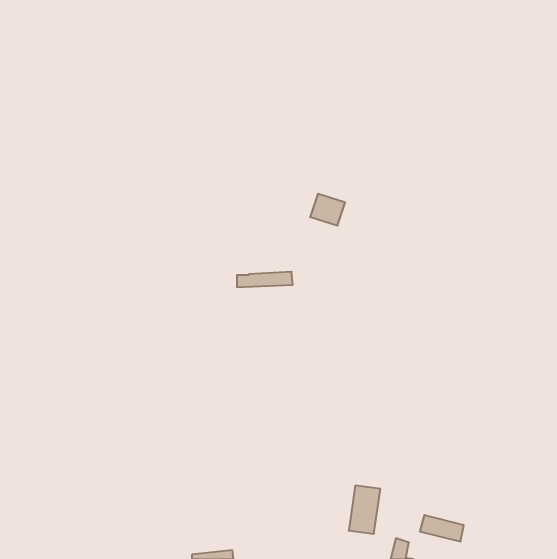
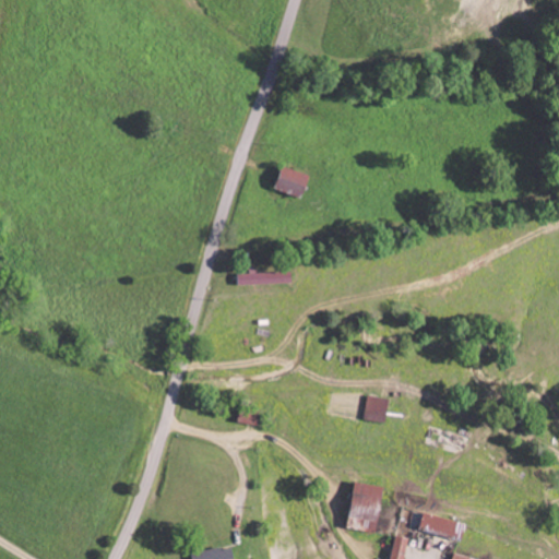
building: [310,194,345,226] -> [275,167,310,199]
building: none -> [361,395,390,424]

